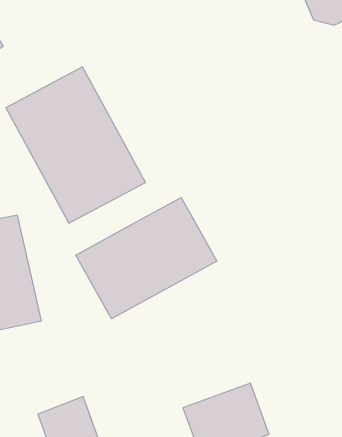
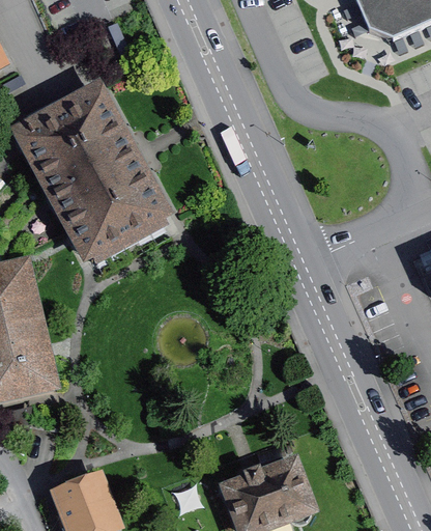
building: [76,198,217,319] -> none

